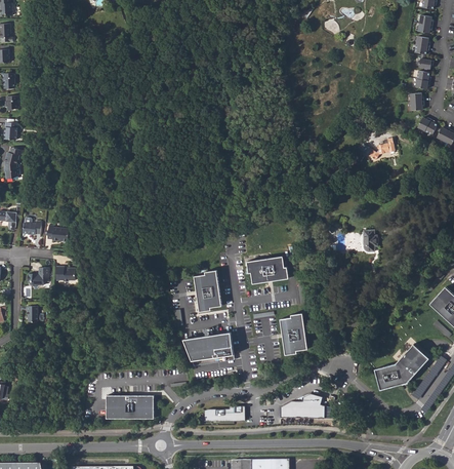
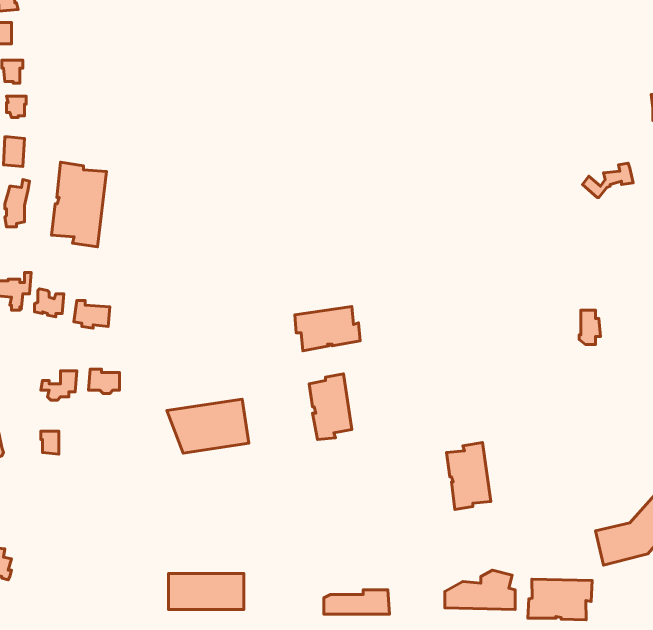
building: none -> [51,162,106,247]
building: [248,257,289,284] -> [295,307,360,351]
building: [183,331,235,365] -> [167,399,249,453]
building: none -> [528,579,592,620]

